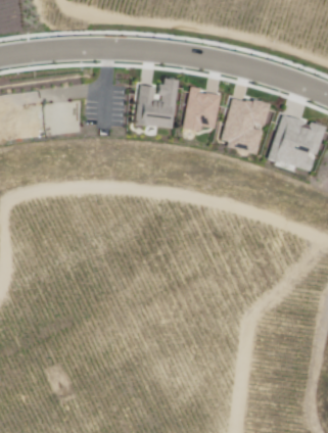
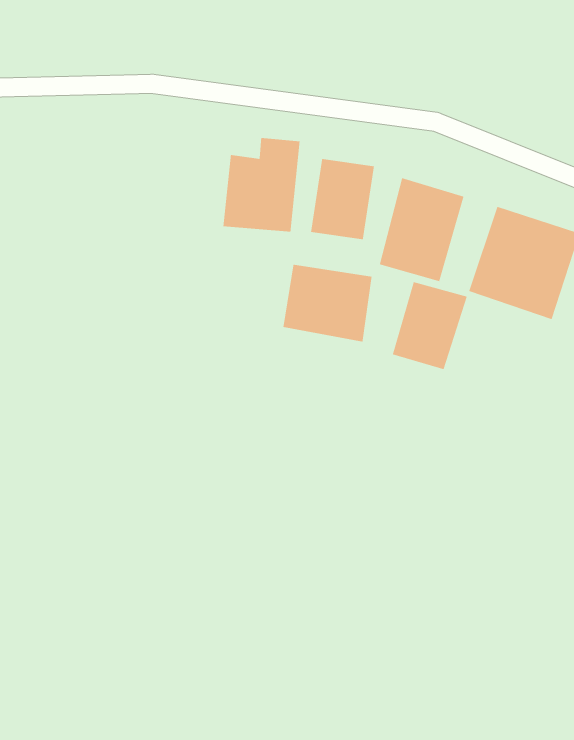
building: none -> [283,264,373,342]
building: none -> [392,281,468,370]

